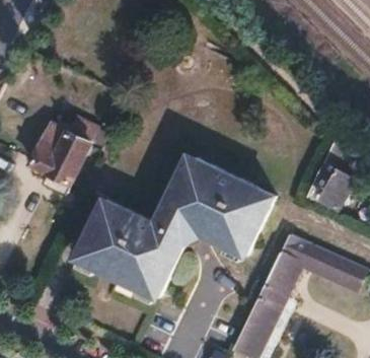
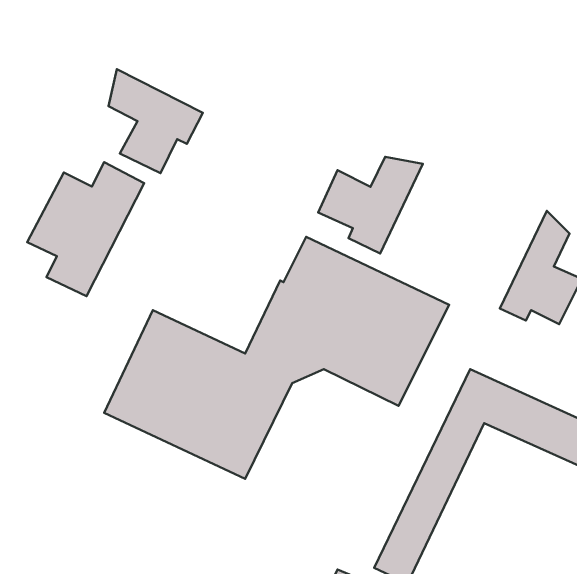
building: none -> [109,69,203,173]
building: none -> [318,157,423,253]

